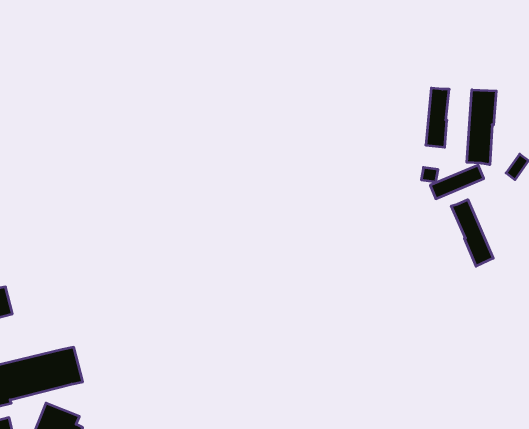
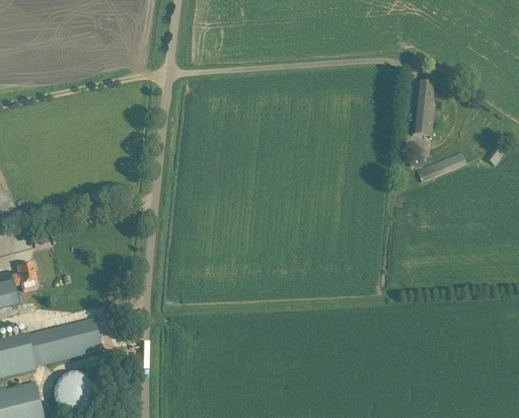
building: [467,90,496,165] -> none
building: [451,200,493,266] -> none

